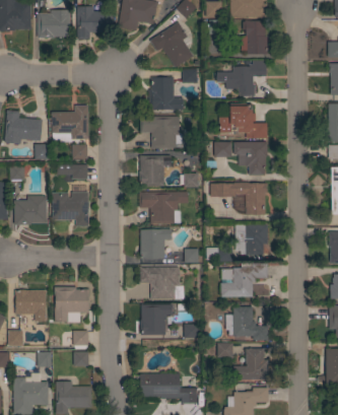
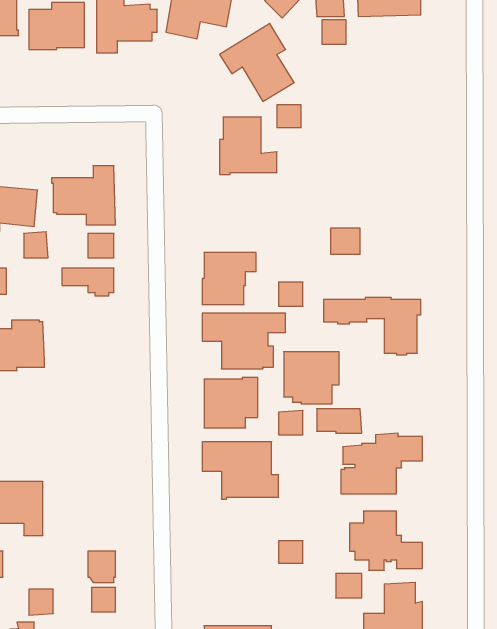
building: [241,20,267,55] -> none
building: [217,61,266,96] -> none
building: [219,103,267,138] -> none
building: [140,114,182,149] -> none
building: [233,142,267,176] -> none
building: [52,185,88,226] -> none
building: [234,225,267,256] -> [284,352,339,404]
building: [55,287,88,323] -> none
building: [140,304,173,335] -> none

